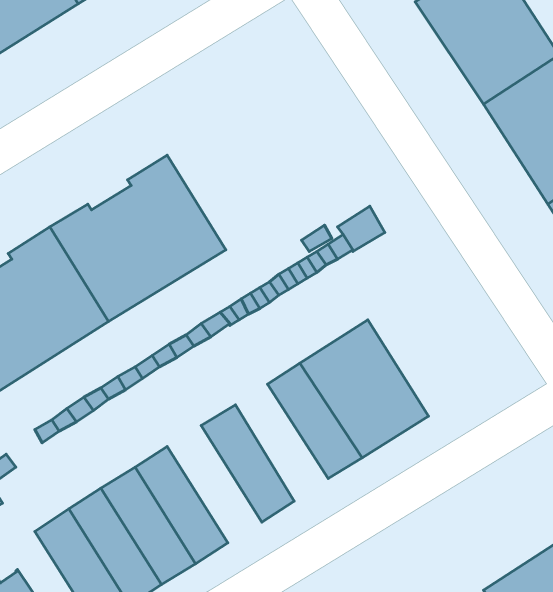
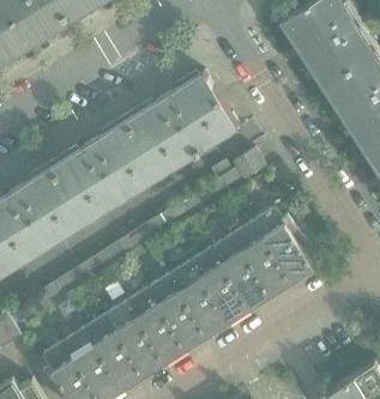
building: none -> [123,75,235,180]
building: none -> [251,210,312,285]
building: none -> [167,265,225,339]
building: none -> [123,291,183,365]

